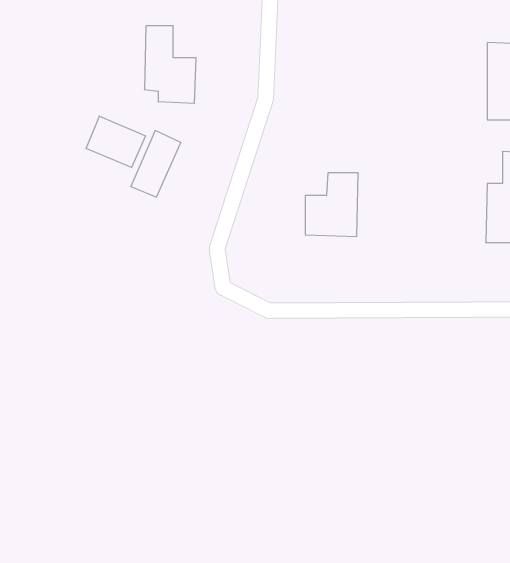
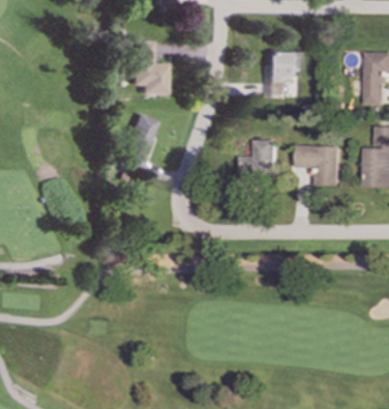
building: none -> [267,51,299,98]
building: [86,116,146,167] -> none
building: none -> [297,146,340,187]

